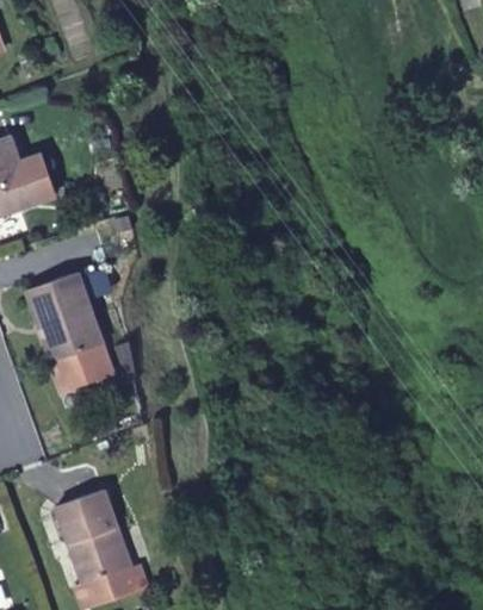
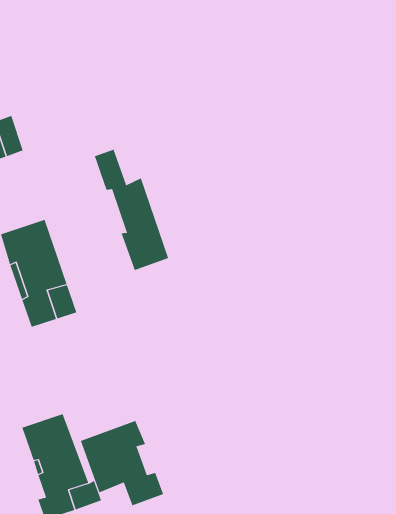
building: none -> [94,149,169,271]
building: none -> [80,420,164,506]

